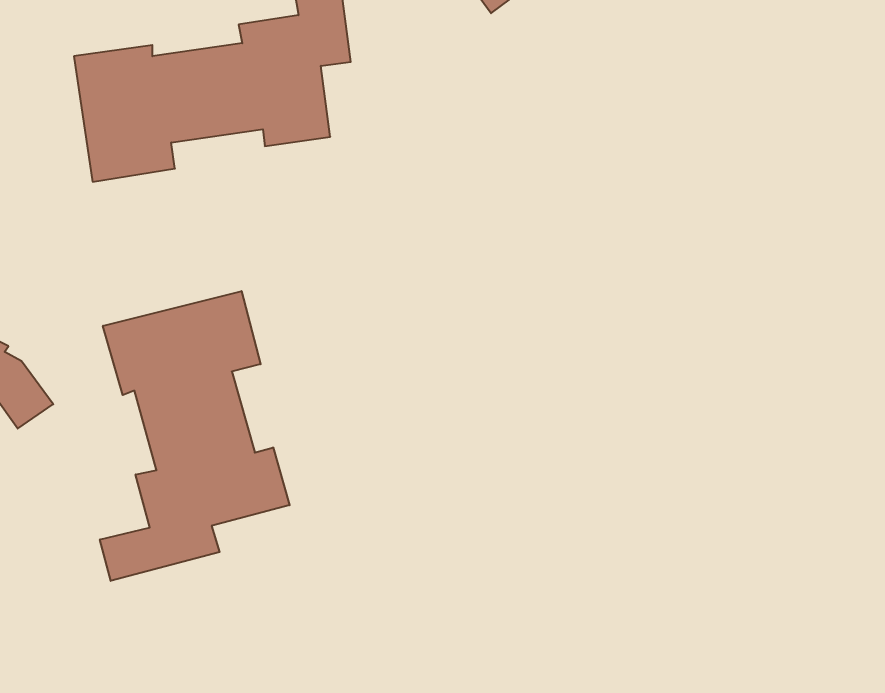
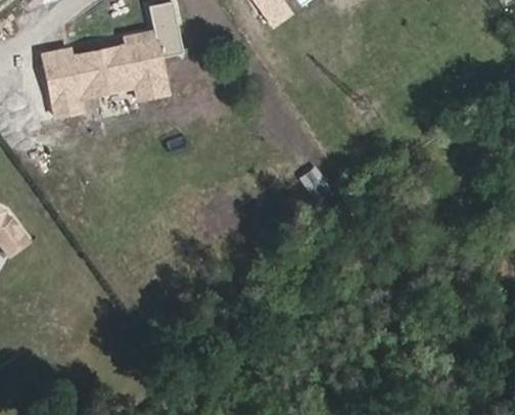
building: [100,291,290,581] -> none

